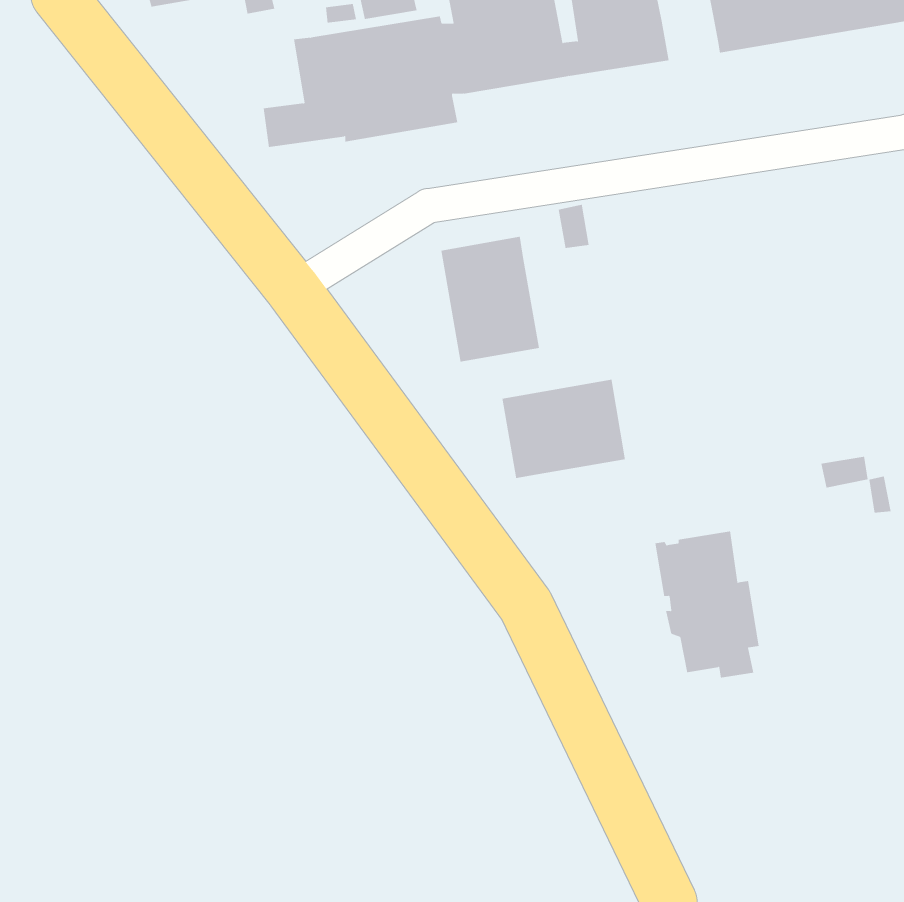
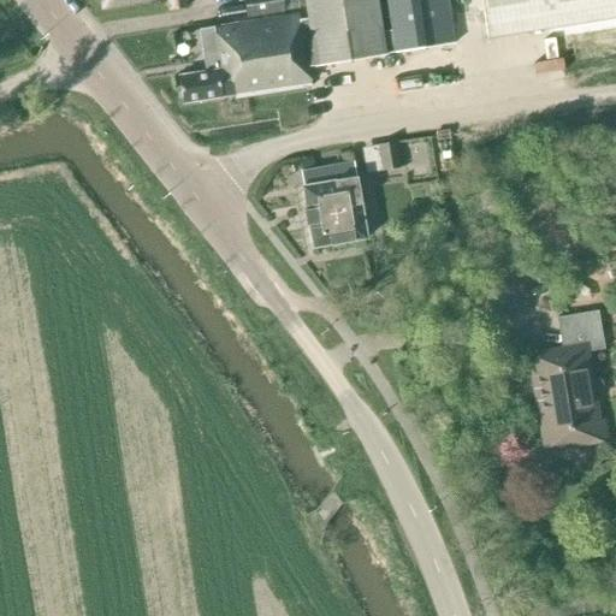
building: [502,379,626,479] -> none
building: [655,531,759,678] -> [531,343,602,443]

